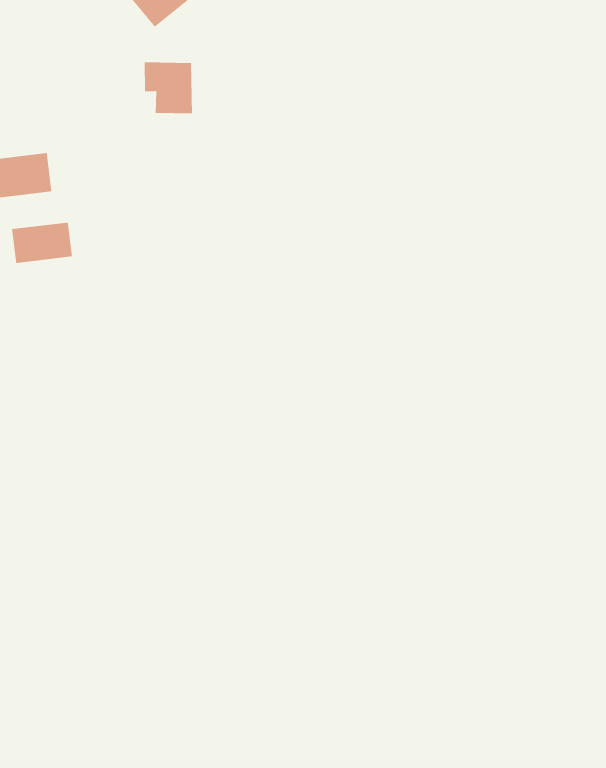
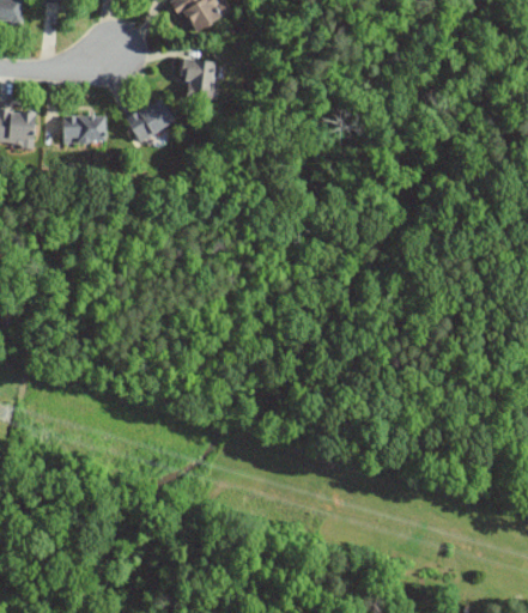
building: none -> [126,97,172,141]
building: [12,222,72,264] -> none

